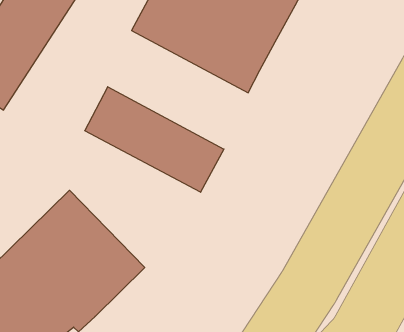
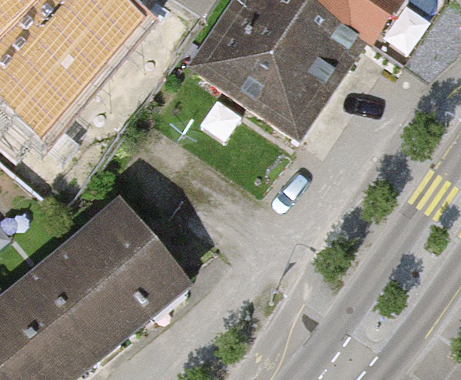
building: [85,87,224,192] -> none

